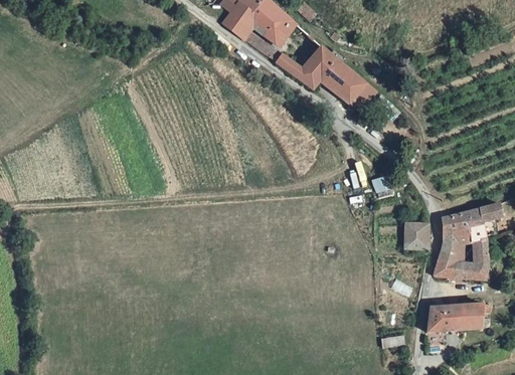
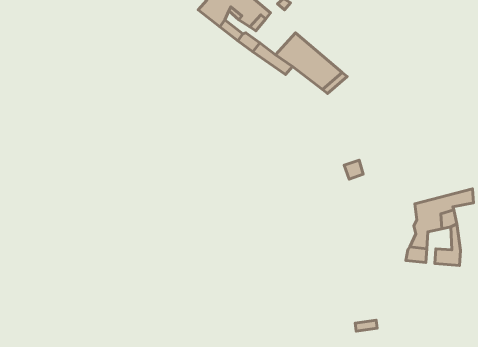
building: [402,222,430,247] -> none
building: [427,304,490,330] -> none

